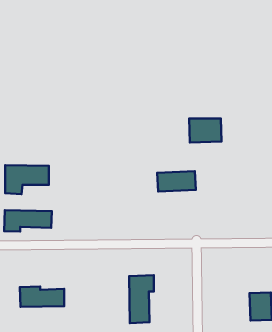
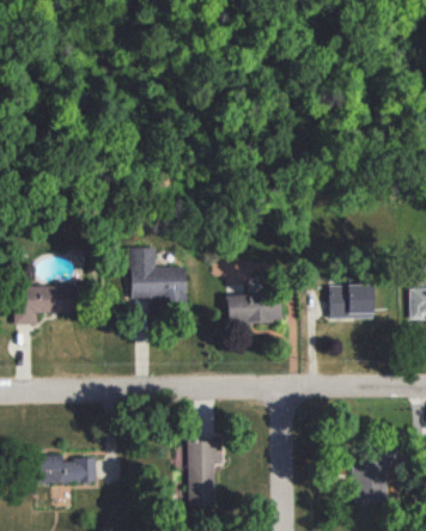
building: [189,119,222,143] -> [329,285,375,318]
building: none -> [130,248,187,300]
building: [4,210,52,231] -> none

